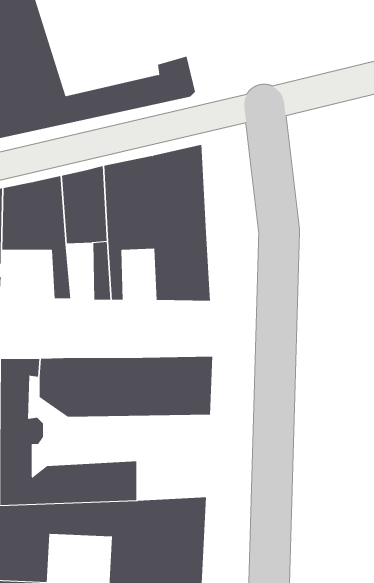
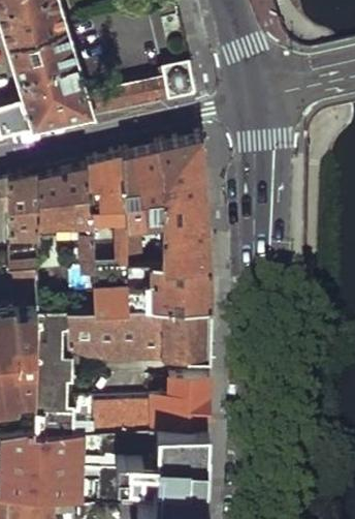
building: none -> [93,267,128,315]
building: none -> [152,268,212,315]
building: none -> [148,380,207,434]

